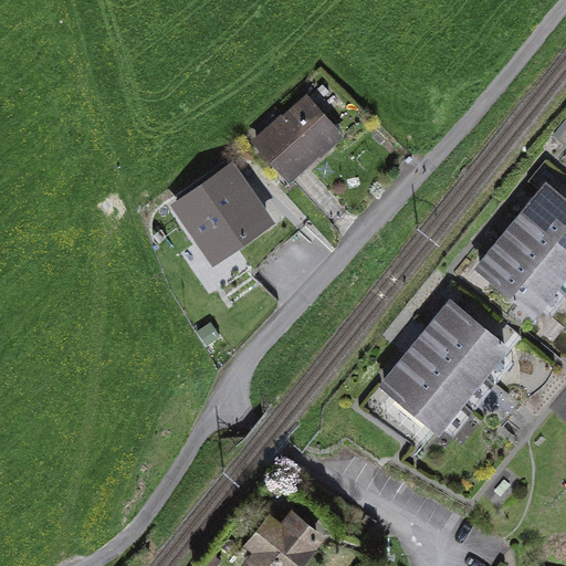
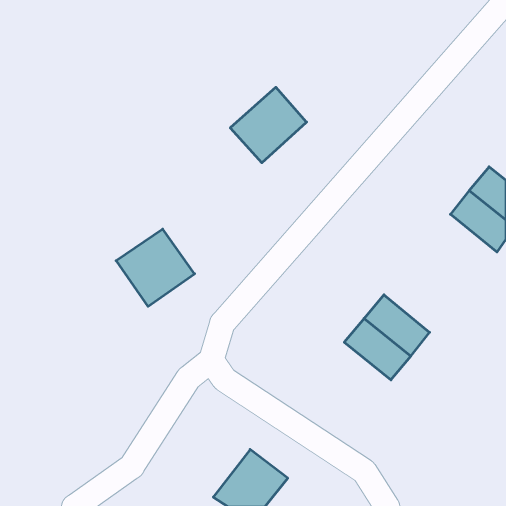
building: [178,169,265,255] -> [116,229,195,306]
building: [481,240,554,308] -> none
building: [428,303,501,371] -> none

